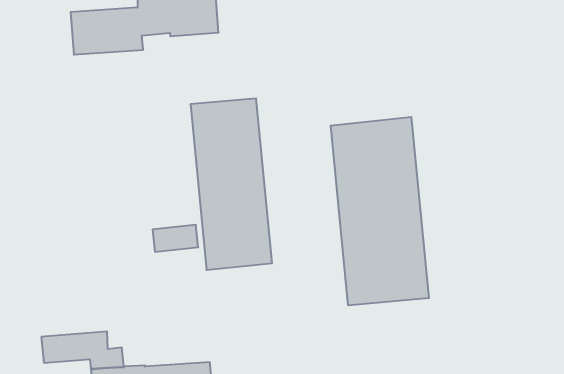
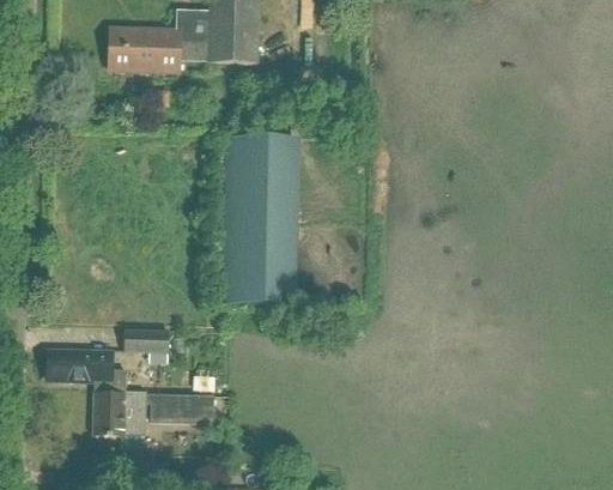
building: [331,117,429,305] -> none
building: [153,225,198,252] -> [126,328,170,351]

